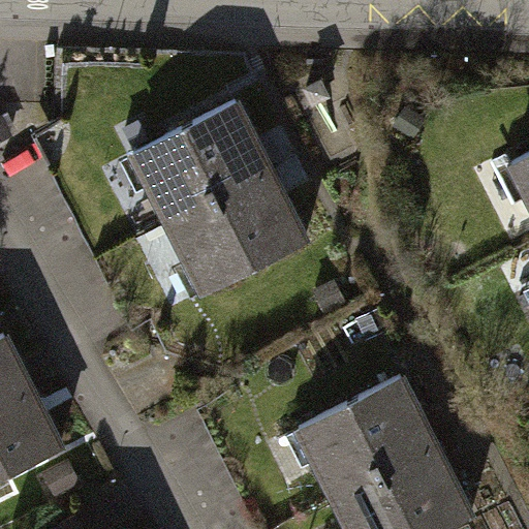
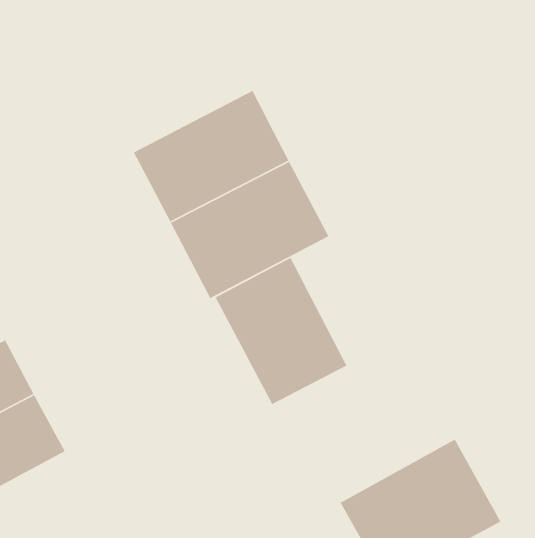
building: none -> [214,257,347,405]
building: [292,375,435,494] -> none

